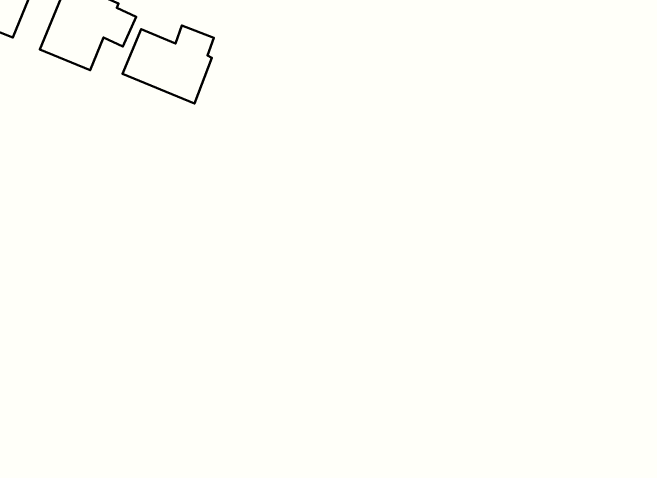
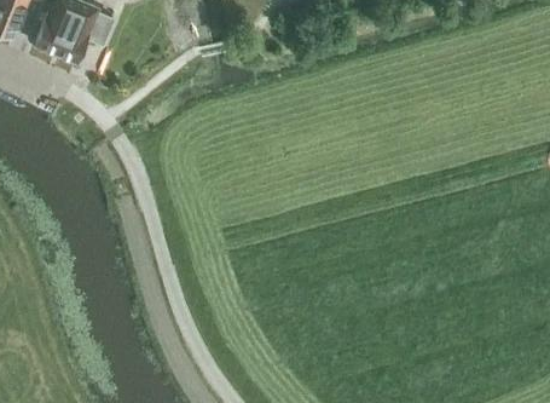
building: [123,26,214,104] -> none

